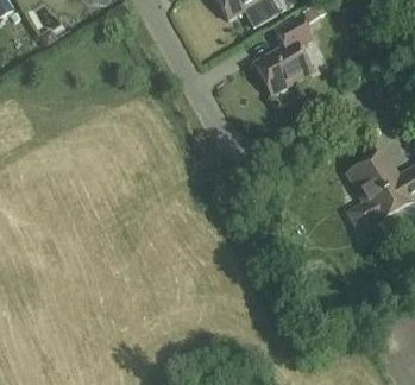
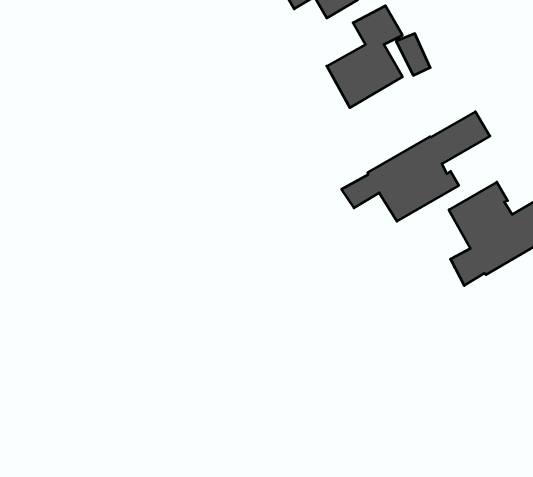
building: none -> [342,112,490,221]

